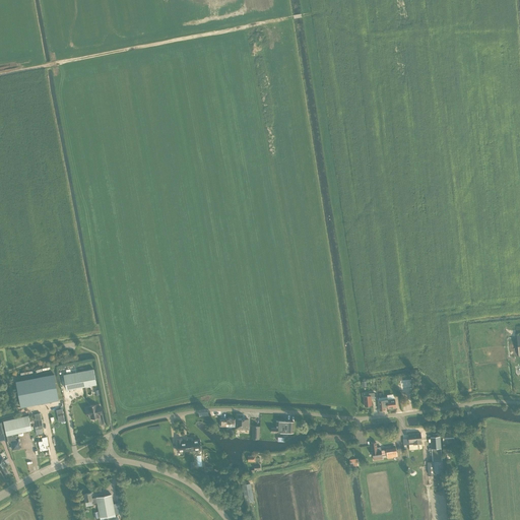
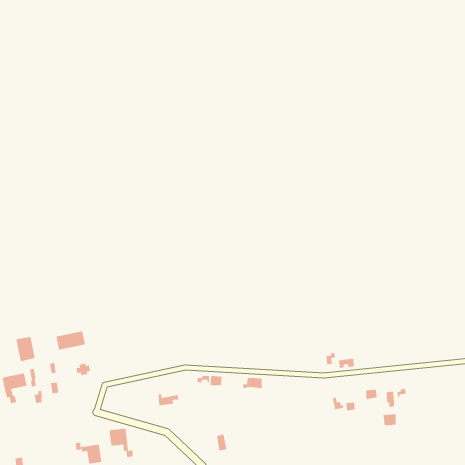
building: [35,372,57,400] -> none
building: none -> [109,428,134,458]

